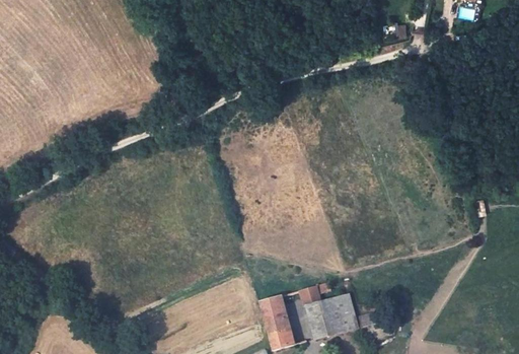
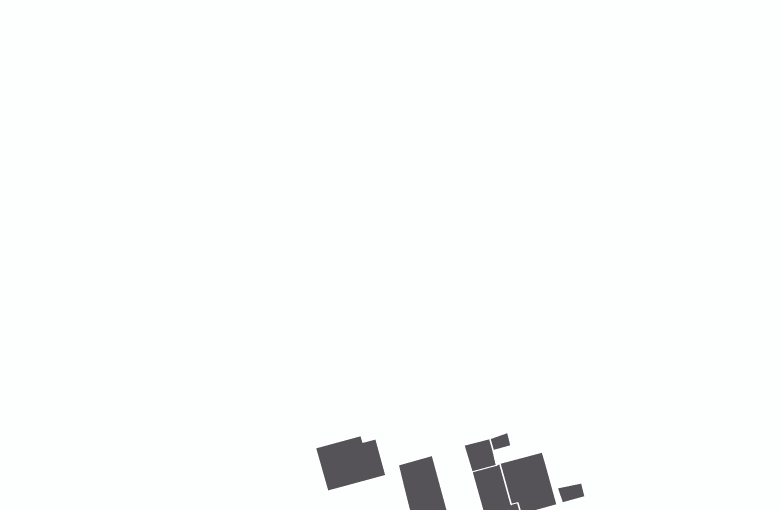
building: none -> [315,436,386,491]

